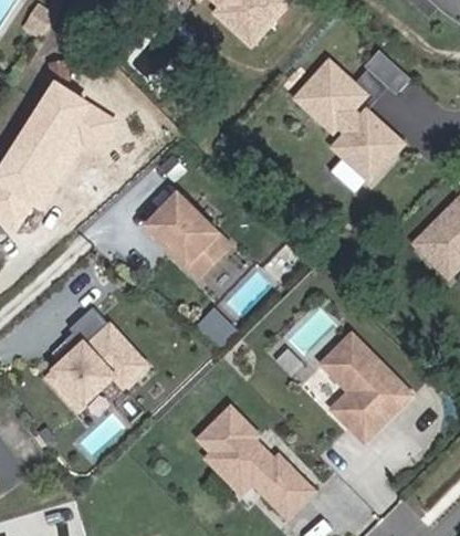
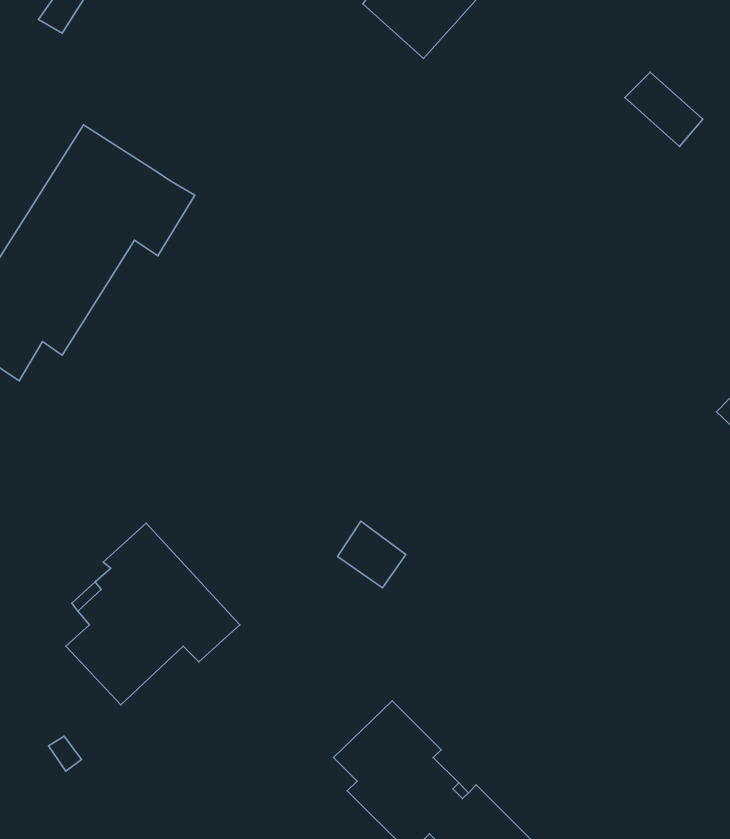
building: [295,62,398,178] -> none
building: [145,193,228,276] -> none
building: [320,332,411,440] -> none

